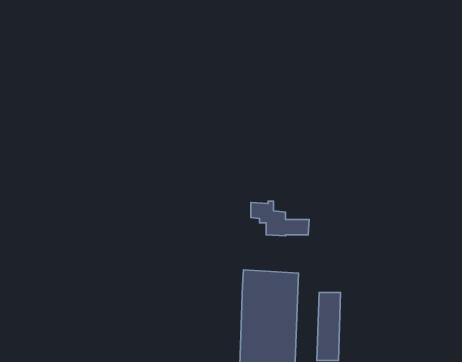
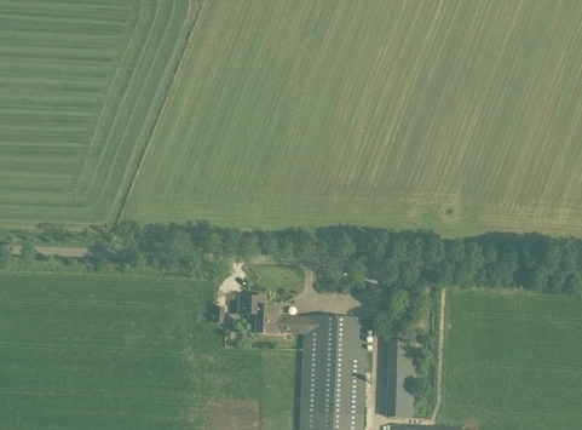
building: [251,201,309,236] -> [238,294,304,333]

